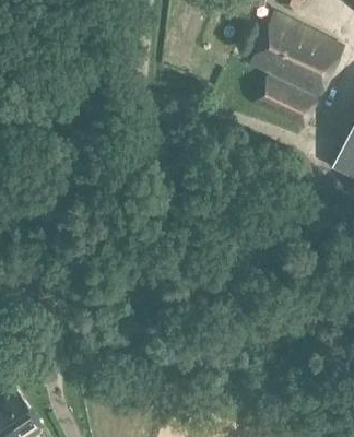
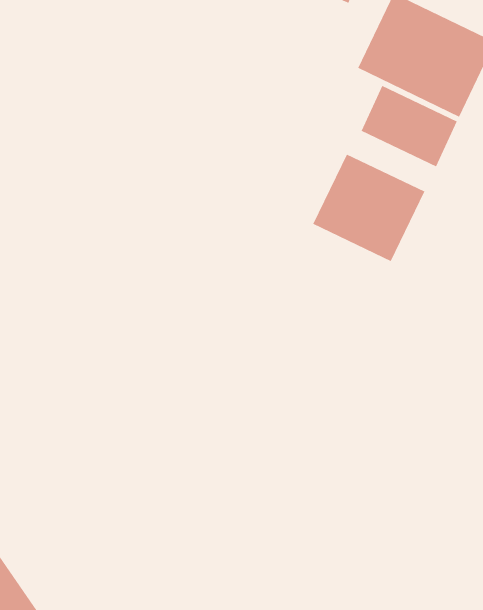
building: none -> [312,153,425,262]

